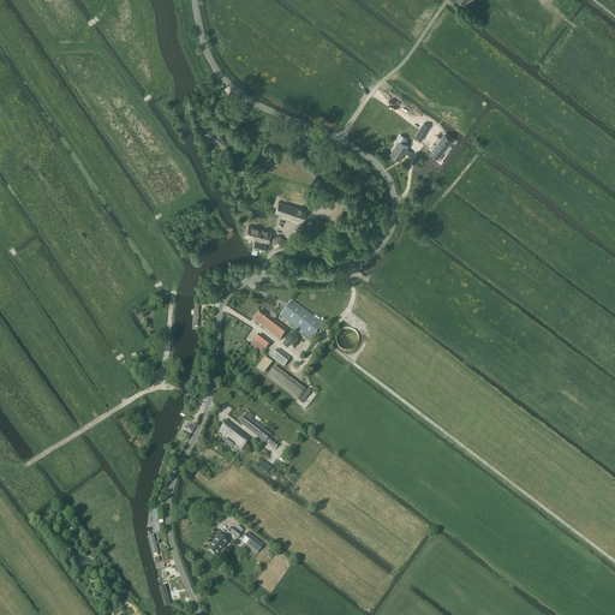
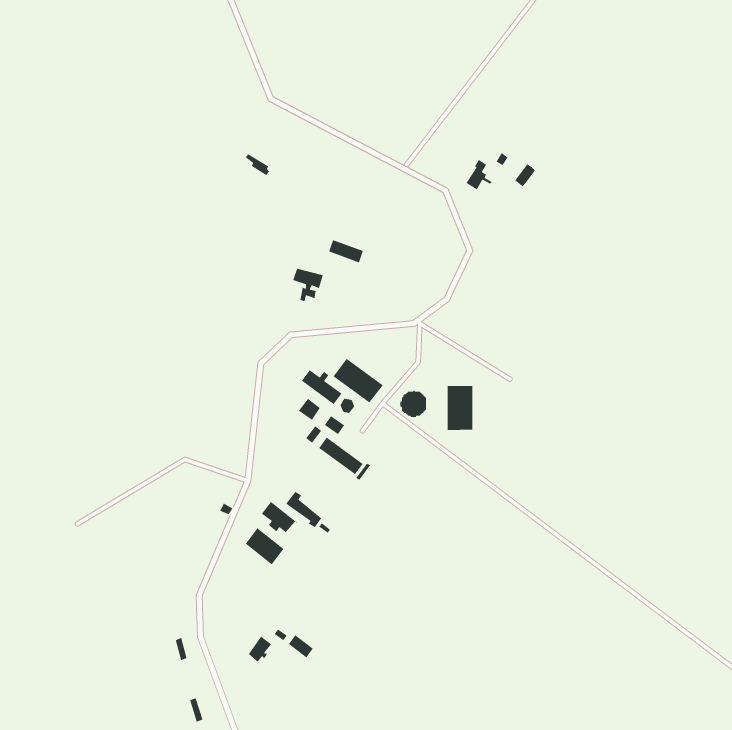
building: none -> [447,385,473,431]
building: none -> [245,527,285,566]

